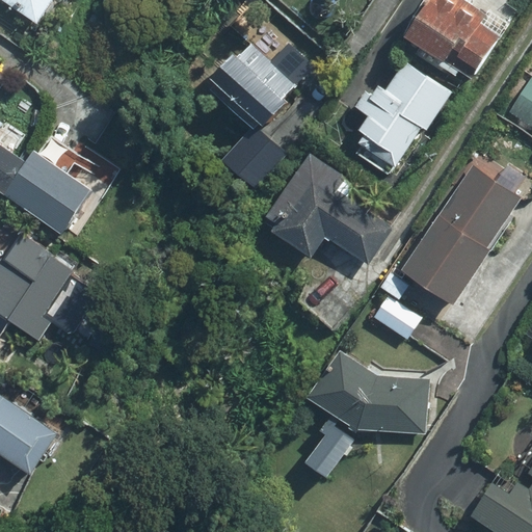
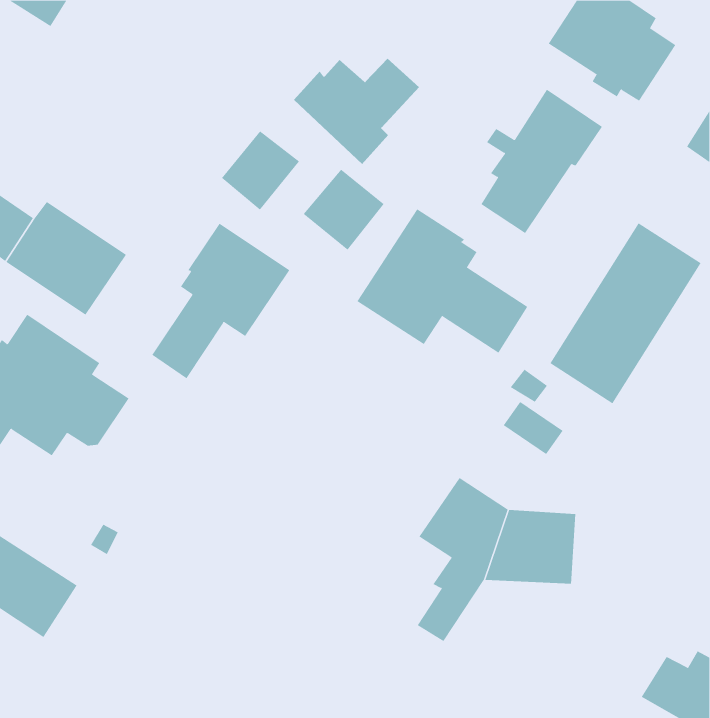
building: none -> [221,130,300,211]
building: none -> [152,223,290,379]

